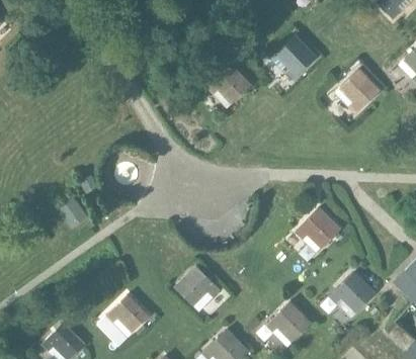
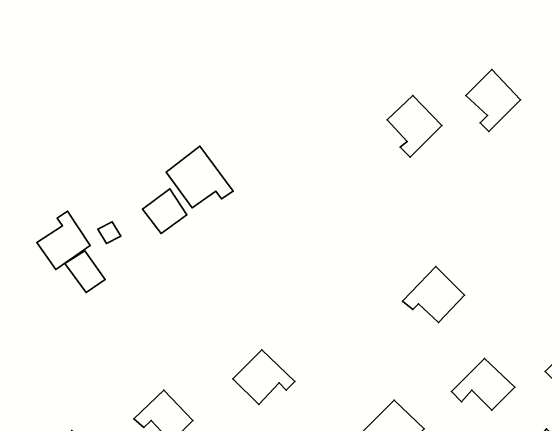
building: [276,36,315,80] -> [387,95,442,157]
building: [207,64,251,103] -> none
building: none -> [166,146,233,208]
building: none -> [37,211,90,269]

